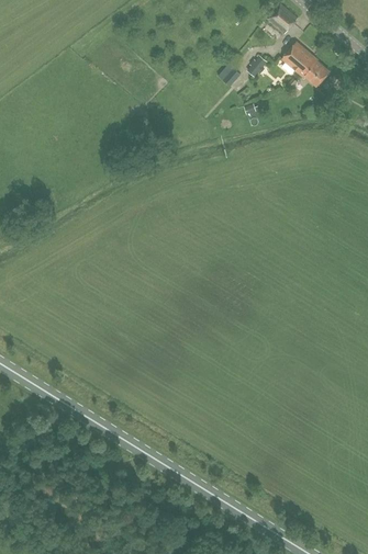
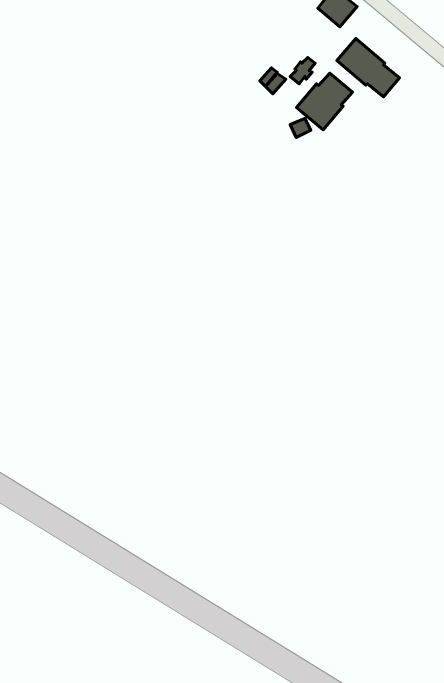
building: none -> [297,73,352,130]

